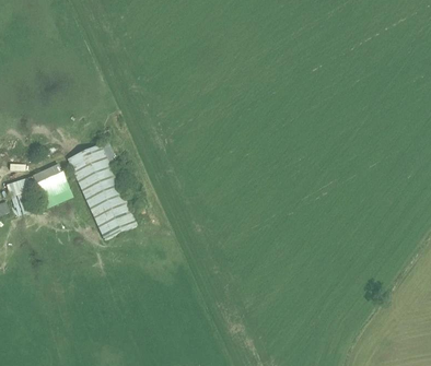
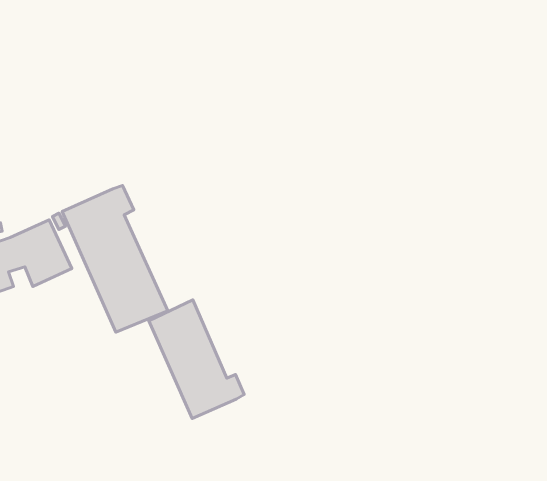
building: none -> [149,300,244,418]

